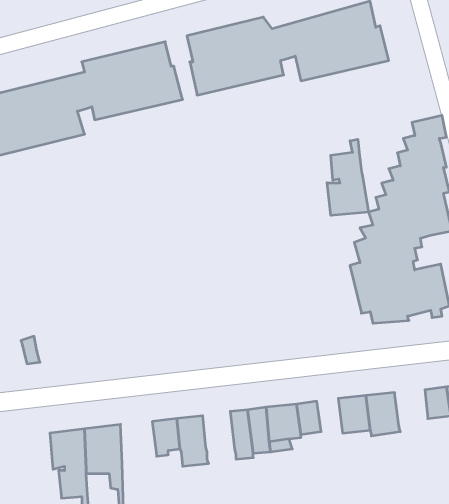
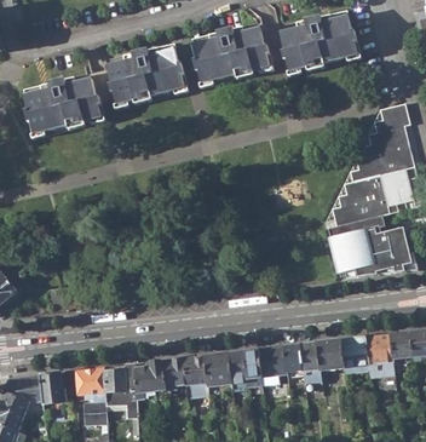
building: [327,139,369,215] -> none
building: none -> [364,333,393,363]
building: none -> [299,340,322,381]
building: none -> [203,351,230,385]
building: none -> [134,360,165,395]
building: none -> [39,371,65,407]

